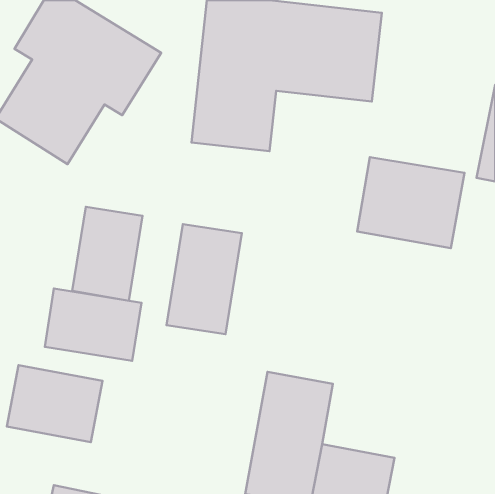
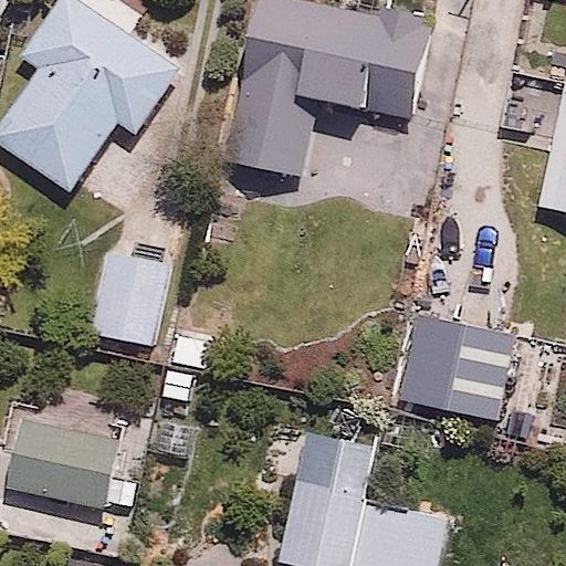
building: [357,157,464,248] -> [391,315,513,418]
building: [167,224,242,334] -> none
building: [45,289,141,361] -> none

